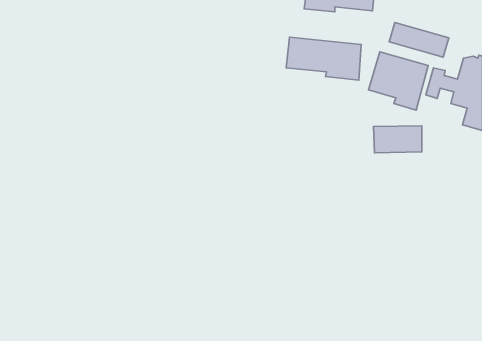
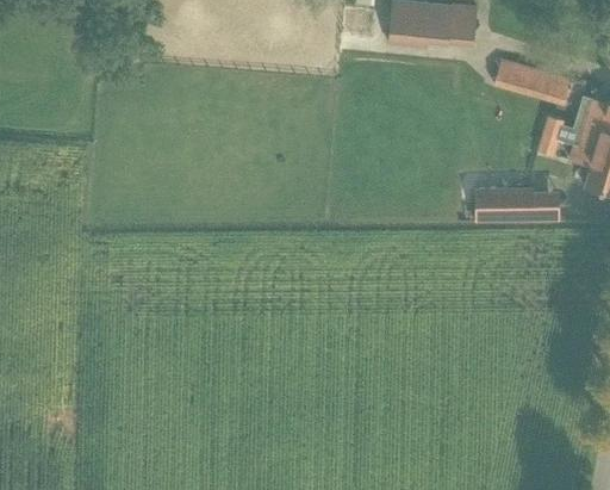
building: [286,37,361,80] -> none
building: [369,52,428,110] -> none

